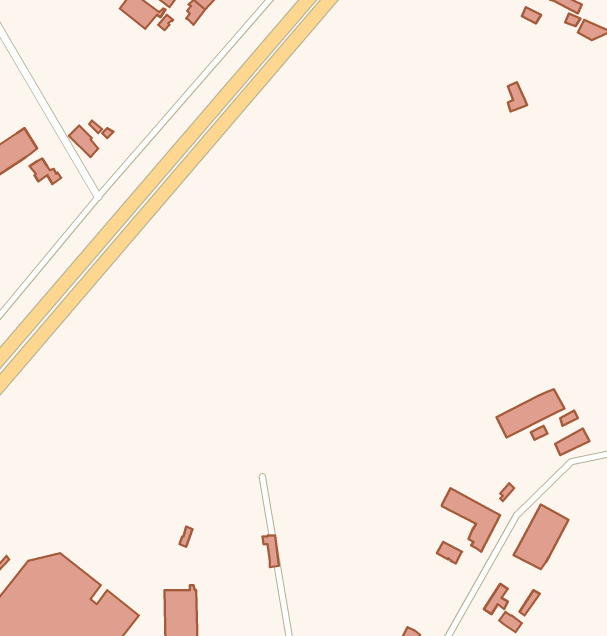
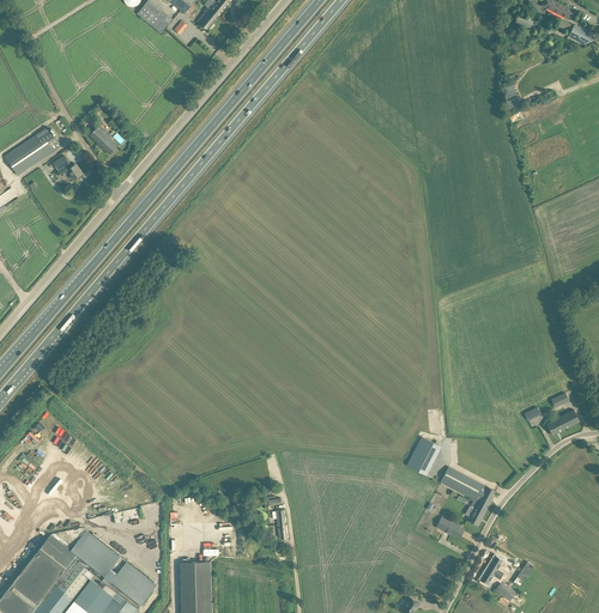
building: [497,389,564,437] -> none
building: none -> [406,436,440,474]
building: [514,505,568,569] -> none

